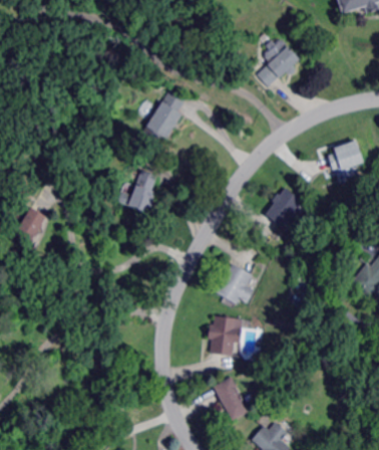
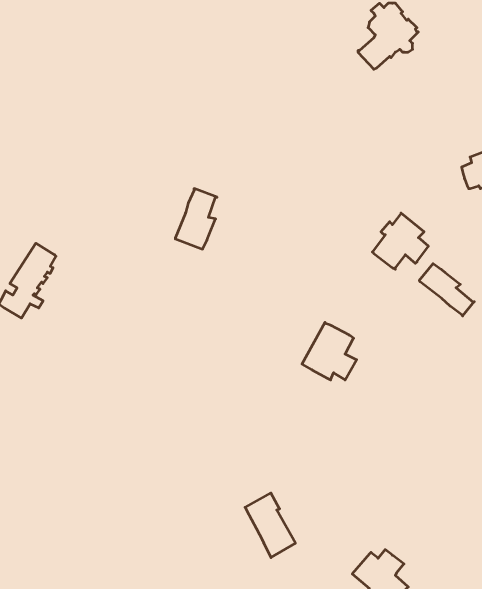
building: [140,89,185,145] -> none
building: none -> [419,264,474,316]
building: [208,315,243,356] -> none
building: [214,376,249,421] -> [245,493,295,558]

